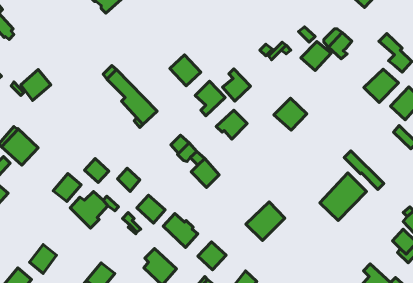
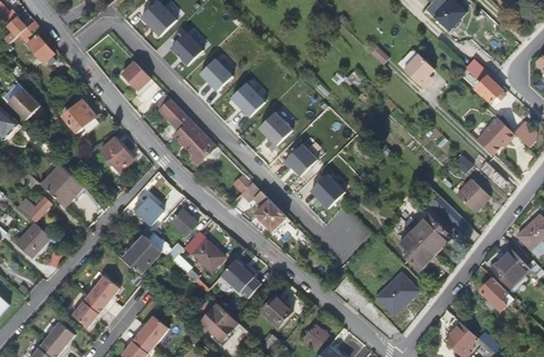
building: none -> [169,33,202,65]
building: none -> [198,59,231,91]
building: none -> [120,61,150,91]
building: [301,41,331,71] -> none
building: [222,69,250,101] -> none
building: [364,69,399,102] -> none
building: [274,98,307,130] -> [309,171,346,207]
building: none -> [101,138,133,171]
building: none -> [456,179,490,213]
building: [53,173,81,201] -> [88,276,119,307]
building: [246,202,285,241] -> [375,272,418,316]

